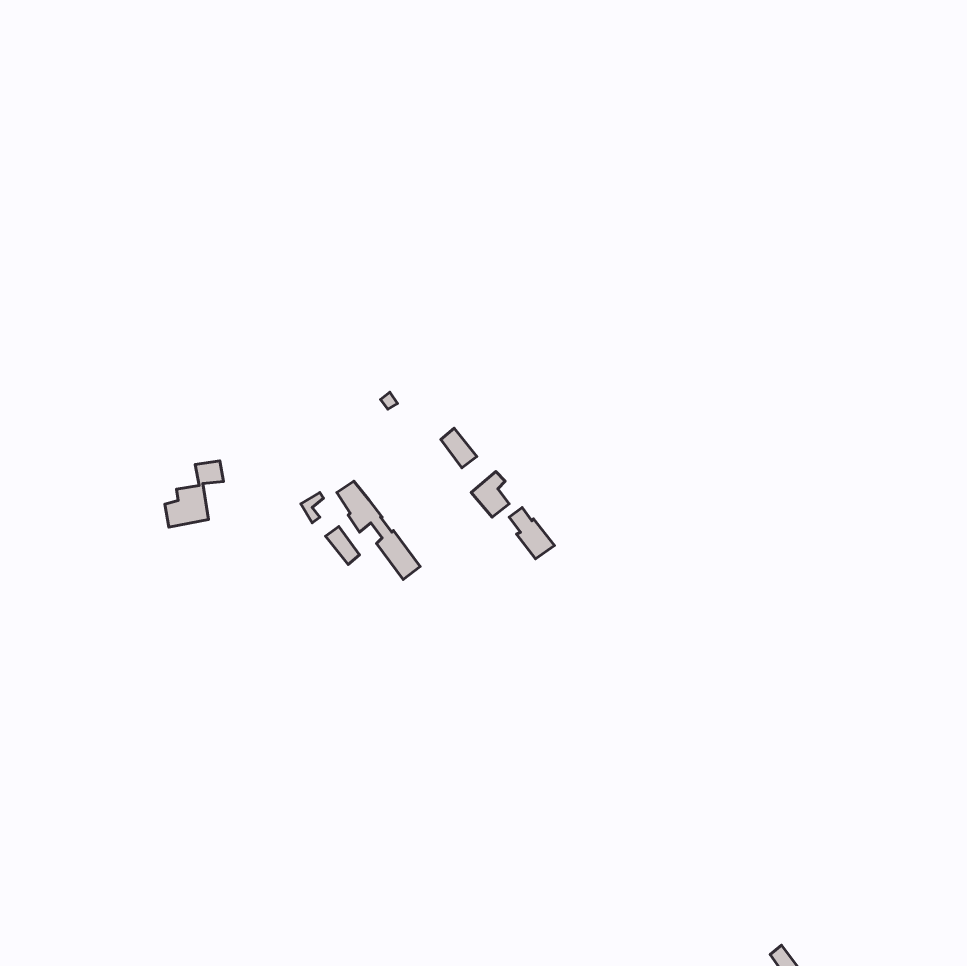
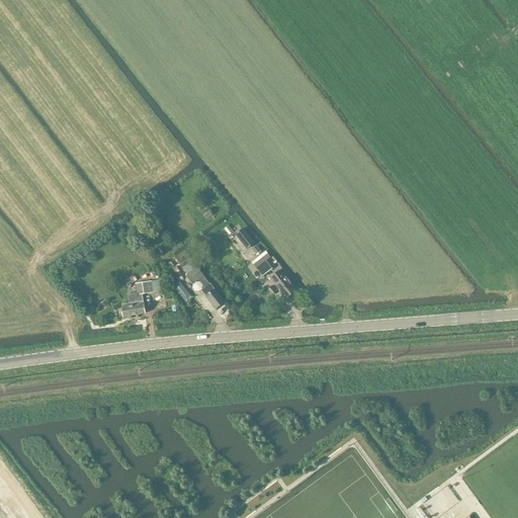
building: [165,461,224,527] -> [121,282,153,318]

